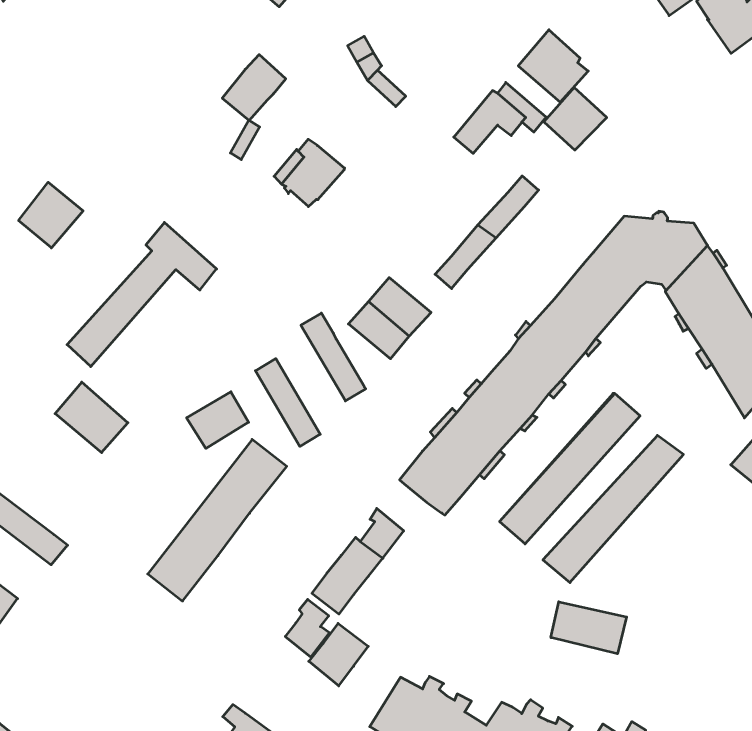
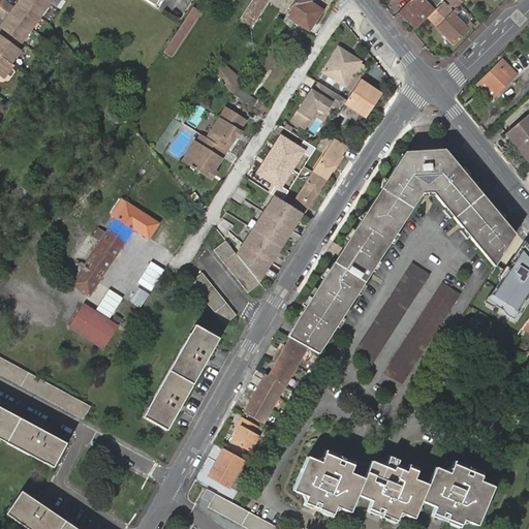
building: [222,55,286,121] -> [209,107,246,149]
building: none -> [259,131,309,187]
building: [19,182,83,248] -> none
building: none -> [264,194,304,229]
building: none -> [238,244,273,281]
building: [187,392,249,448] -> none
building: none -> [278,337,308,366]
building: [551,602,627,654] -> none
building: [309,623,368,686] -> [211,448,246,487]

